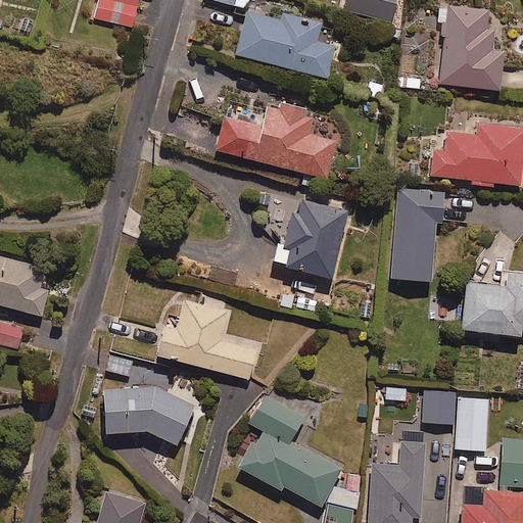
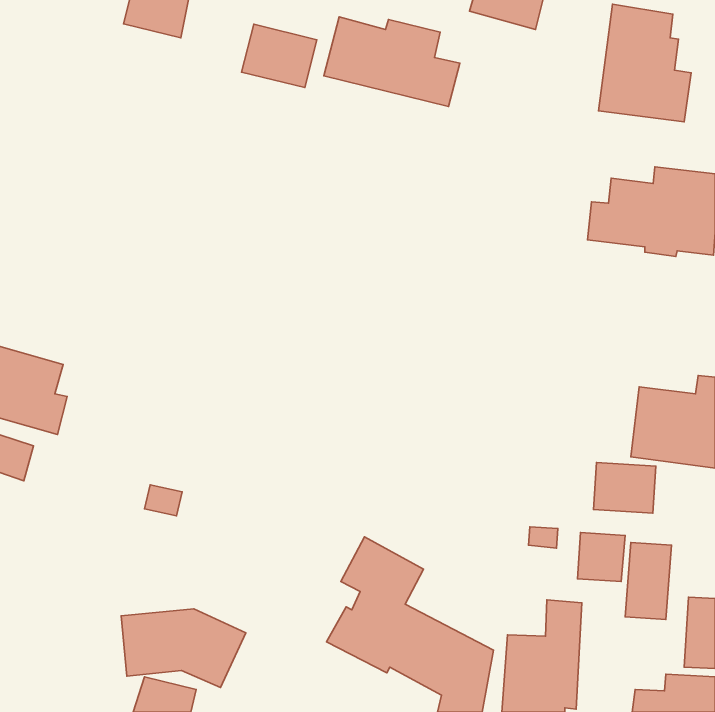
building: none -> [242,24,317,88]
building: [212,101,335,180] -> none
building: [390,188,444,282] -> none
building: [283,199,350,281] -> none
building: [157,299,257,378] -> none
building: none -> [593,462,656,513]
building: [103,387,194,444] -> [121,609,246,687]

